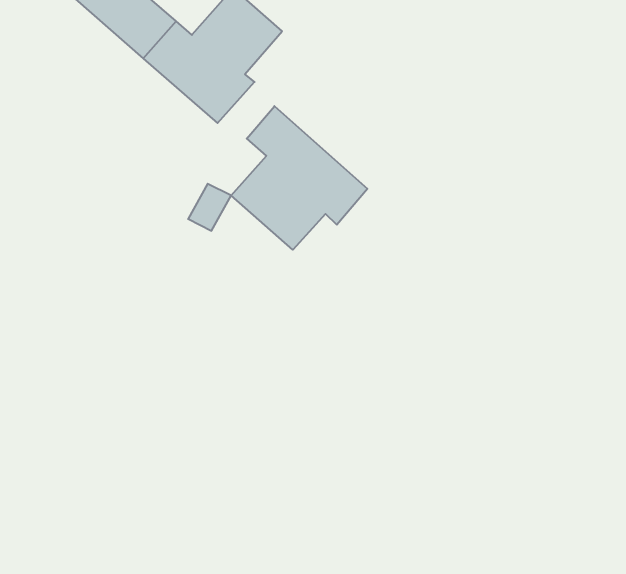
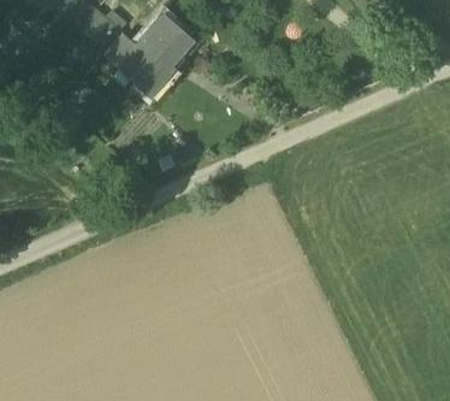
building: [231,106,367,250] -> none

